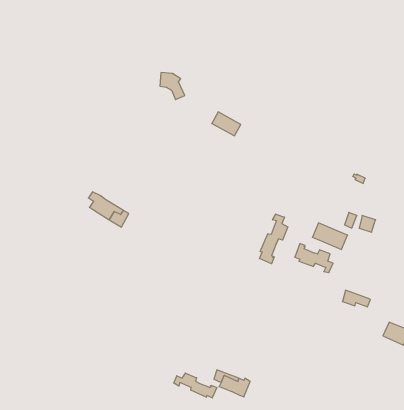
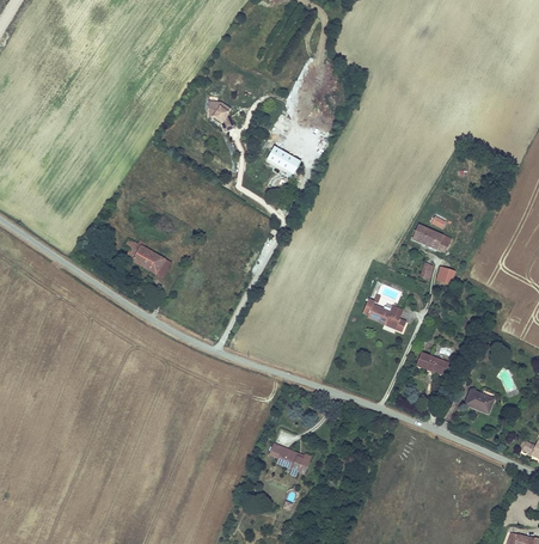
building: [260,214,288,264] -> none
building: [312,223,348,250] -> [412,222,453,253]
building: [174,373,217,398] -> none

